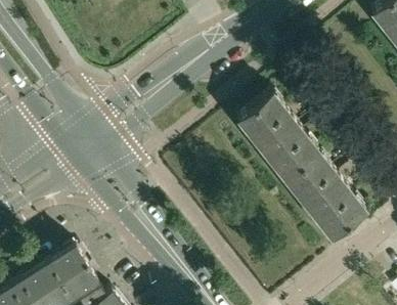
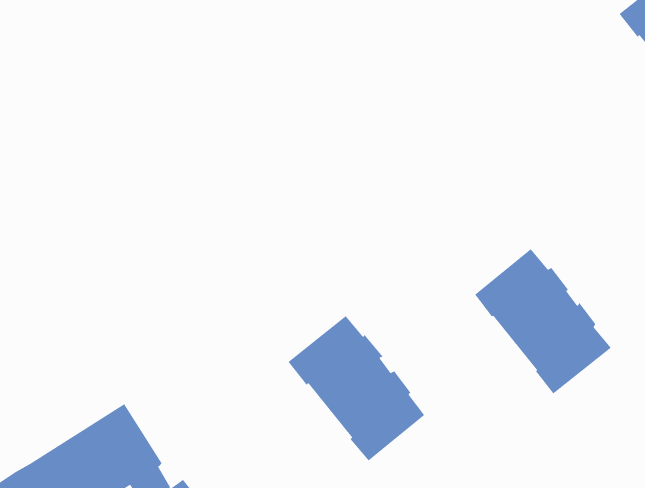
building: [234,91,316,178] -> [287,315,425,462]

